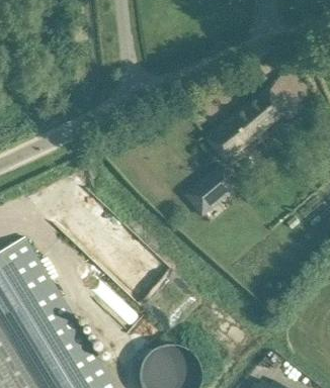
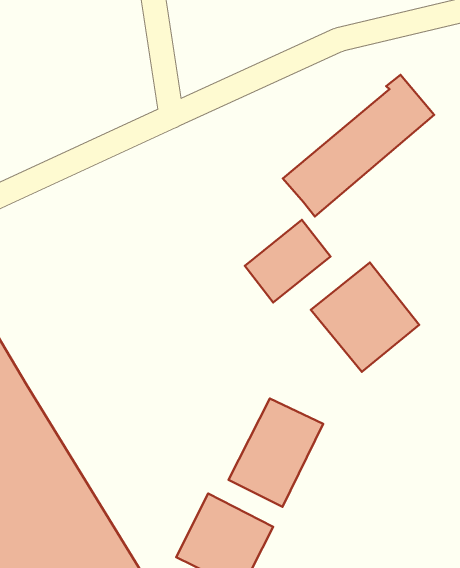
building: none -> [311,262,419,372]
building: none -> [229,398,323,507]

